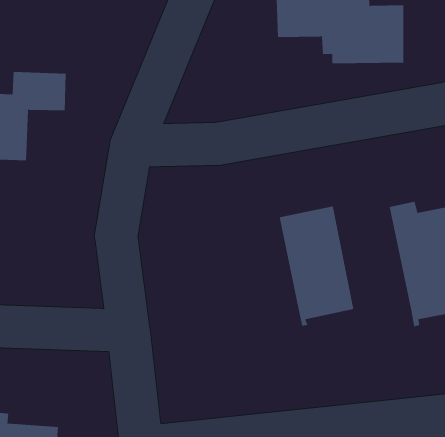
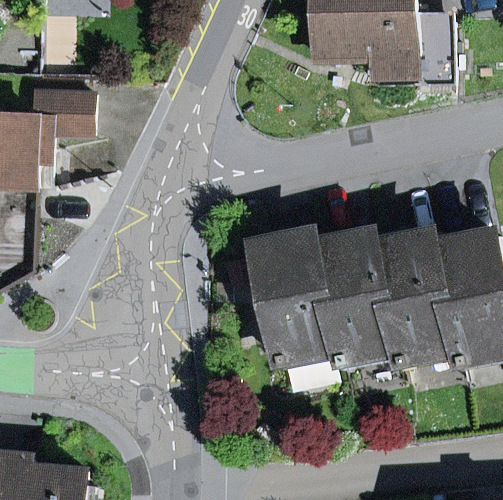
building: none -> [377,231,459,365]
building: none -> [258,236,339,364]

